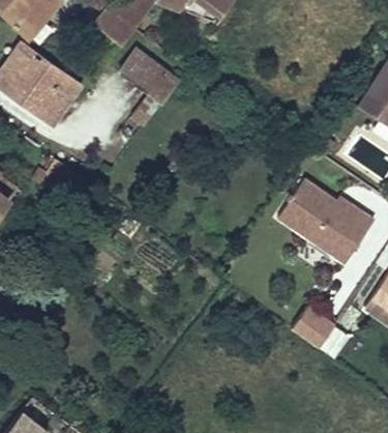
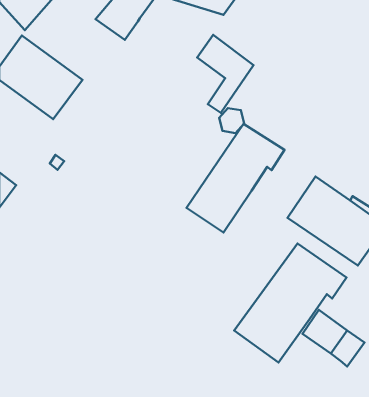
building: [122,53,176,127] -> [197,35,253,113]
building: none -> [187,124,284,233]
building: none -> [234,244,346,362]

